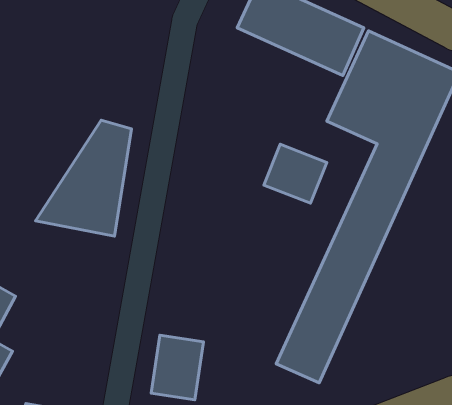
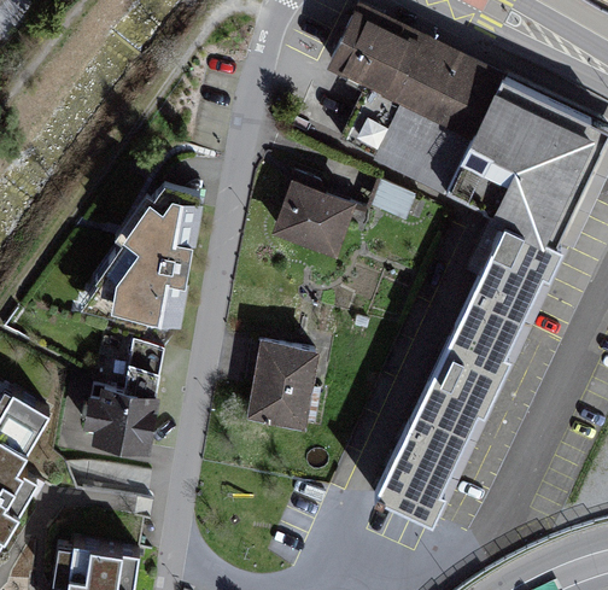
building: [264,144,327,203] -> [269,185,349,259]
building: none -> [87,344,168,451]
building: [151,335,204,400] -> [246,345,312,427]

